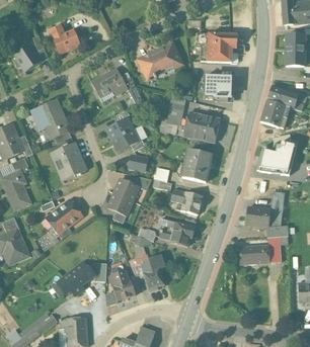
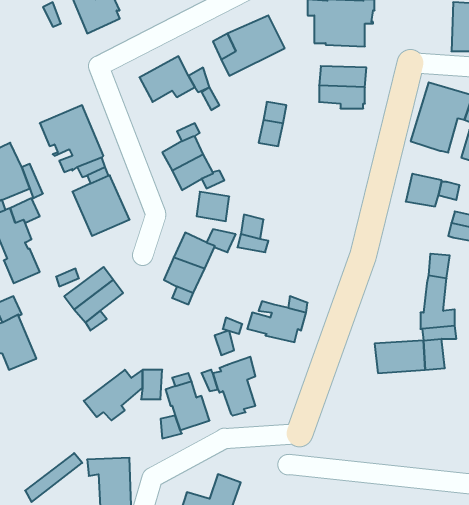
building: [13,45,42,72] -> none
building: [183,112,220,143] -> none
building: [182,149,212,182] -> none
building: [171,189,203,215] -> none
building: [245,207,270,228] -> none

